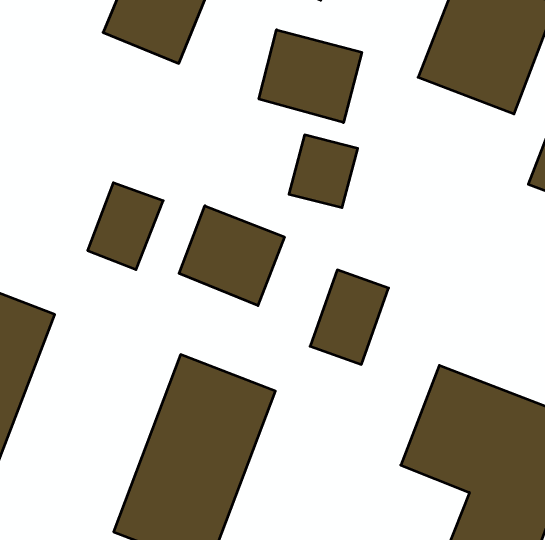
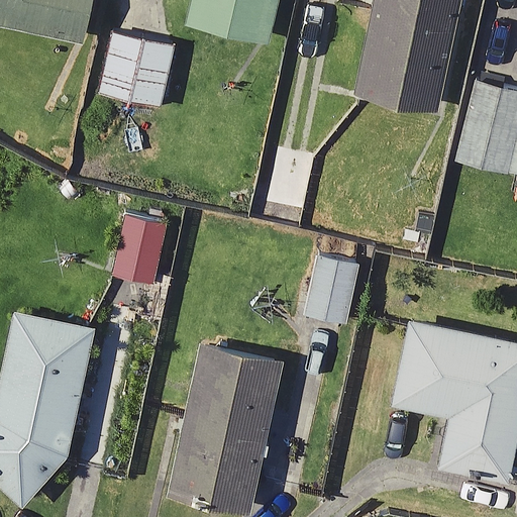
building: [259,30,362,123] -> none
building: [179,206,284,306] -> none

